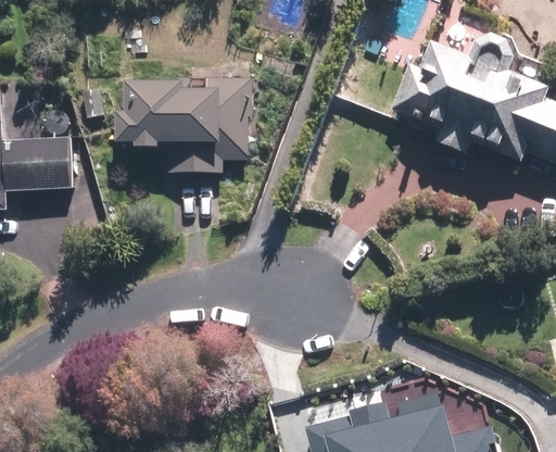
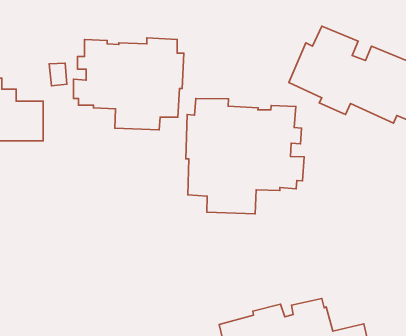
building: none -> [186,98,304,214]

